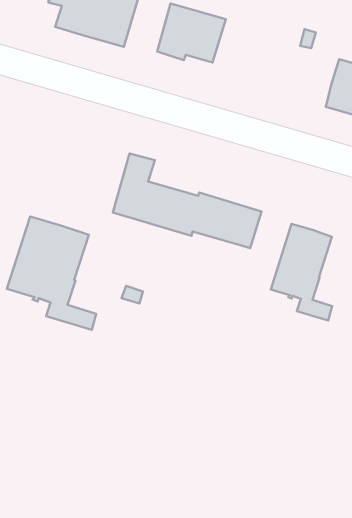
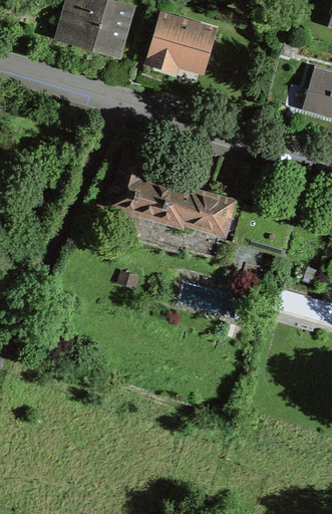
building: [7,217,96,330] -> none
building: [271,224,332,321] -> none

